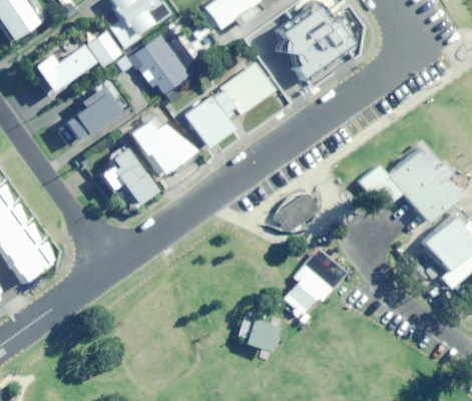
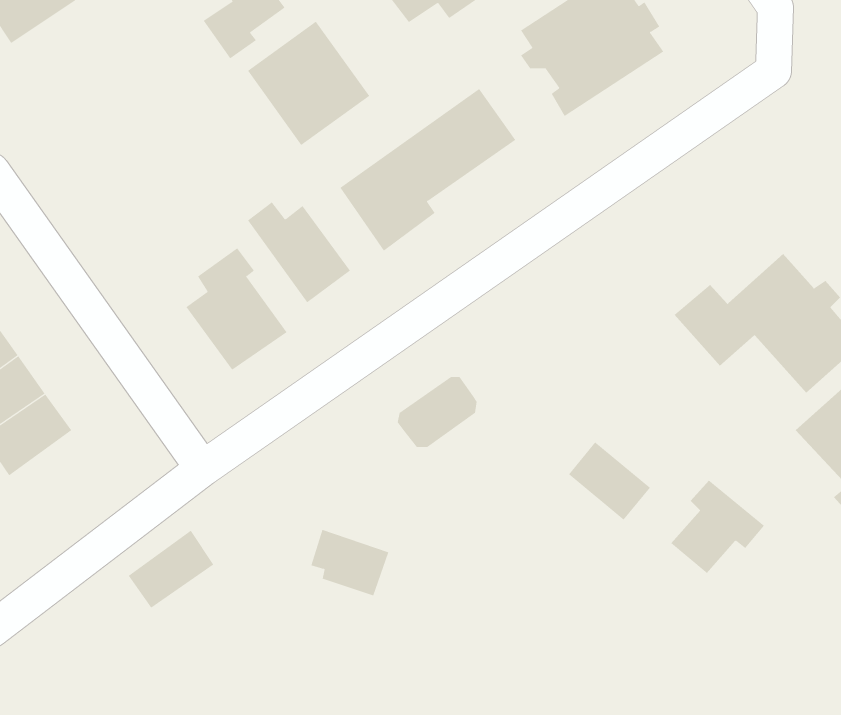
building: [86,31,121,67] -> none
building: [32,44,92,92] -> none
building: [65,81,127,140] -> none
building: [274,193,316,231] -> [397,376,478,448]
building: [10,242,55,283] -> [128,530,214,609]
building: [282,265,331,314] -> [671,480,765,574]
building: [238,317,279,352] -> [310,529,389,596]

